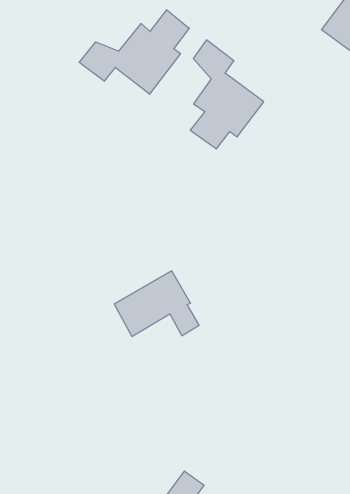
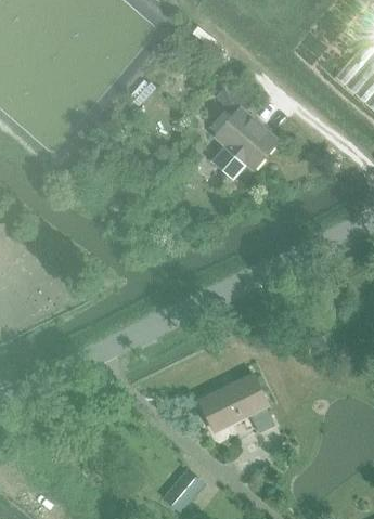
building: [79,10,189,94] -> none
building: [114,271,199,336] -> [198,375,274,434]

